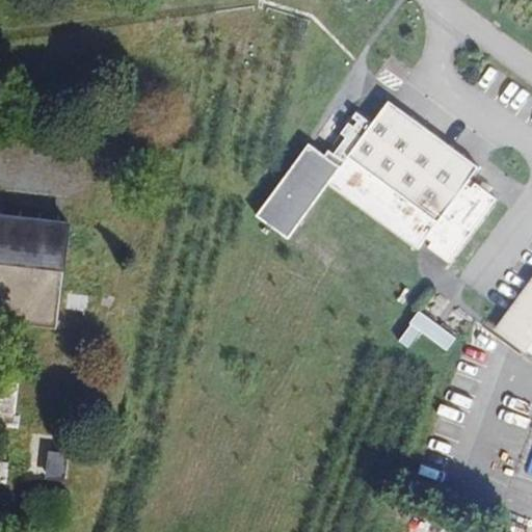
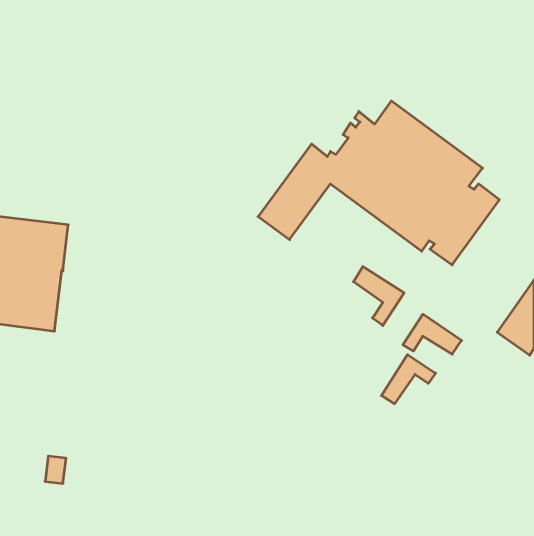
building: none -> [353,267,404,326]
building: none -> [381,355,436,404]

